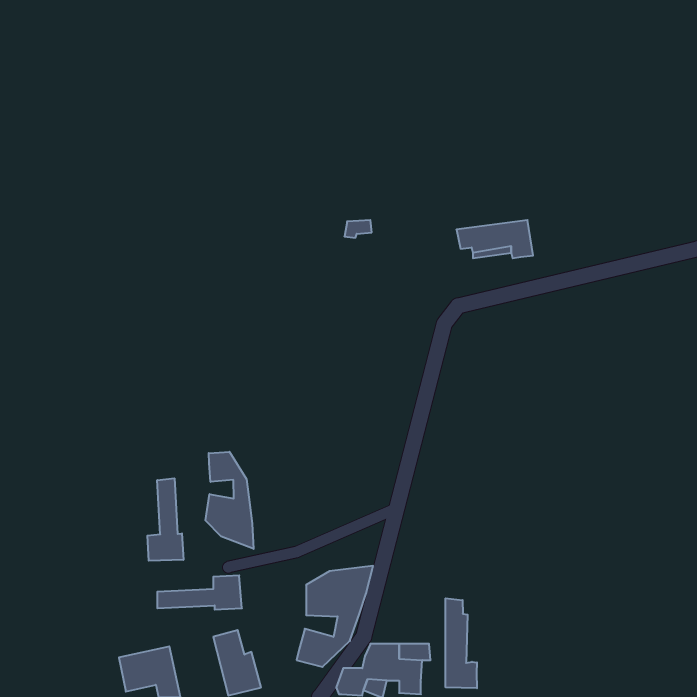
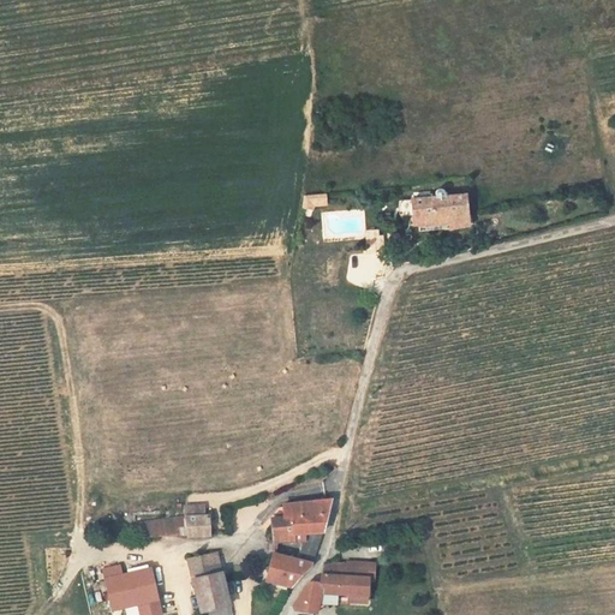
building: [205,452,254,549] -> none
building: [147,478,183,561] -> none
building: [446,598,477,688] -> none

